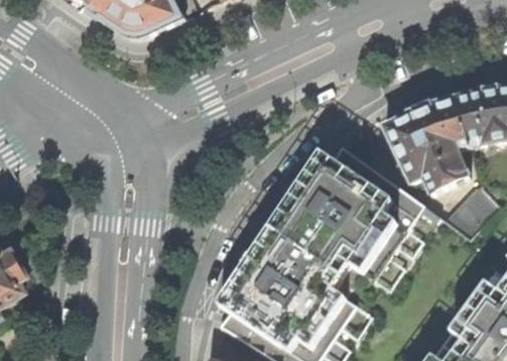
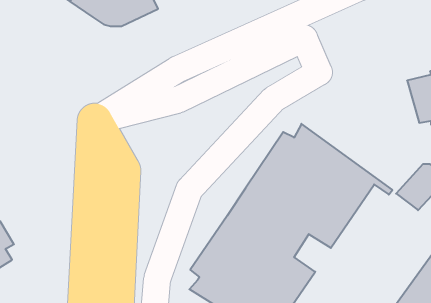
building: [383,95,469,193] -> none

